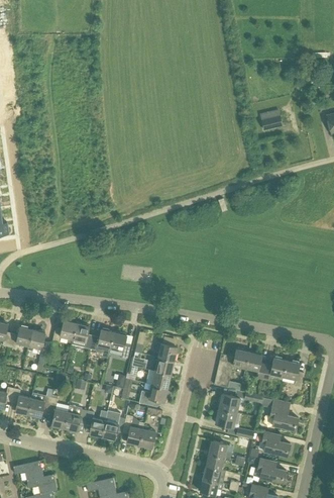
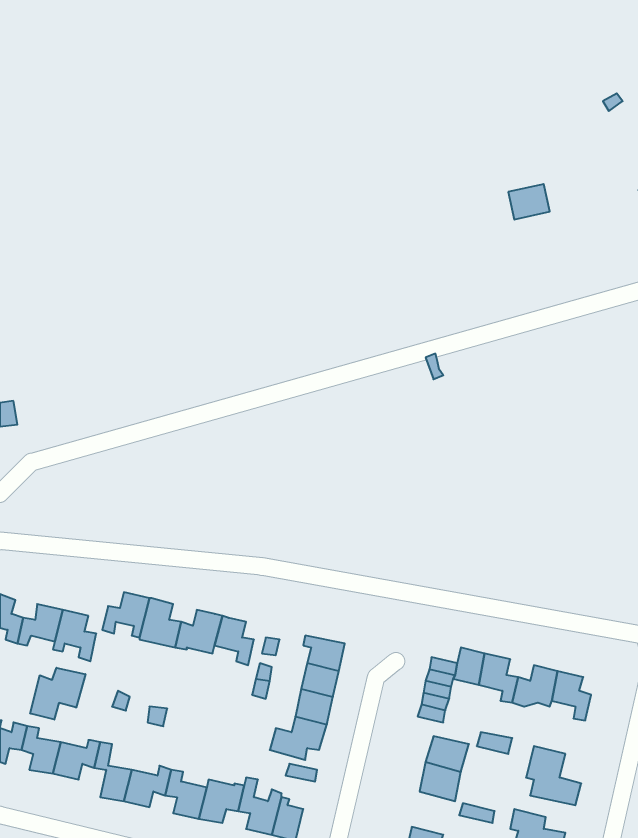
building: none -> [30,668,85,720]

